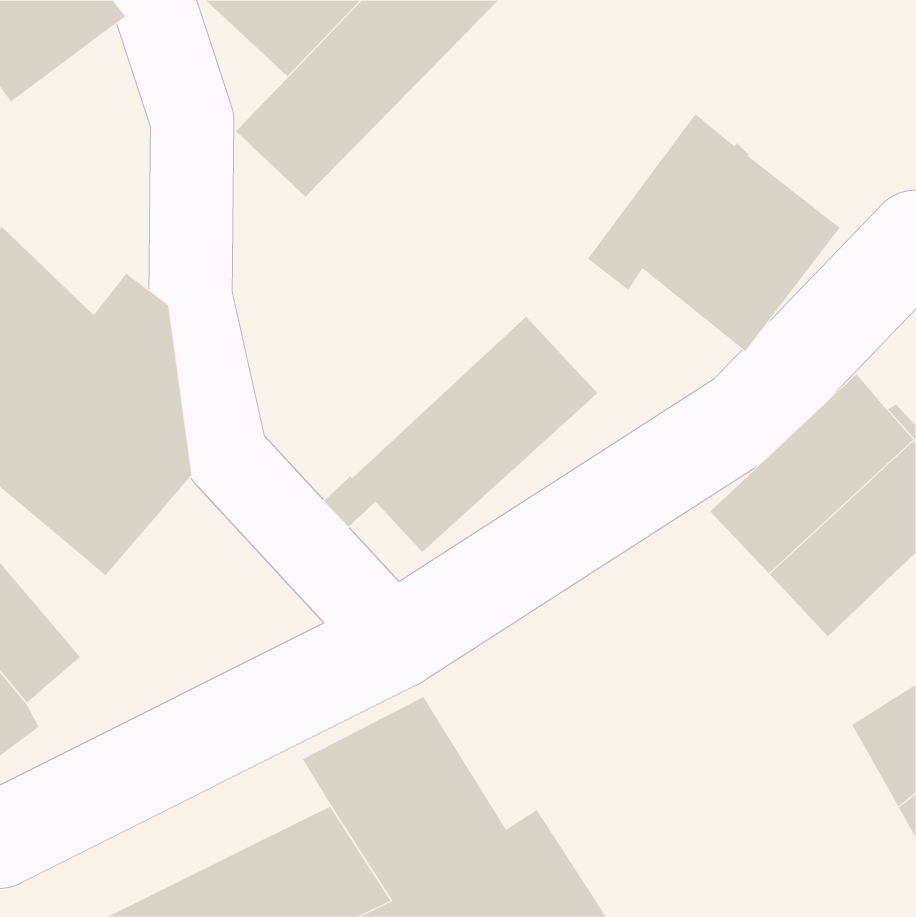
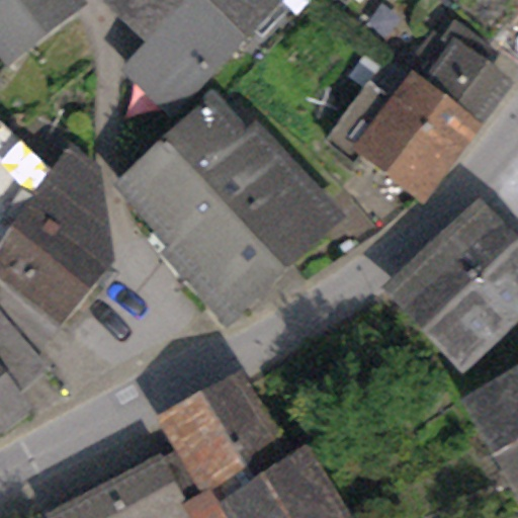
building: none -> [404,28,503,128]
building: none -> [119,107,296,269]

